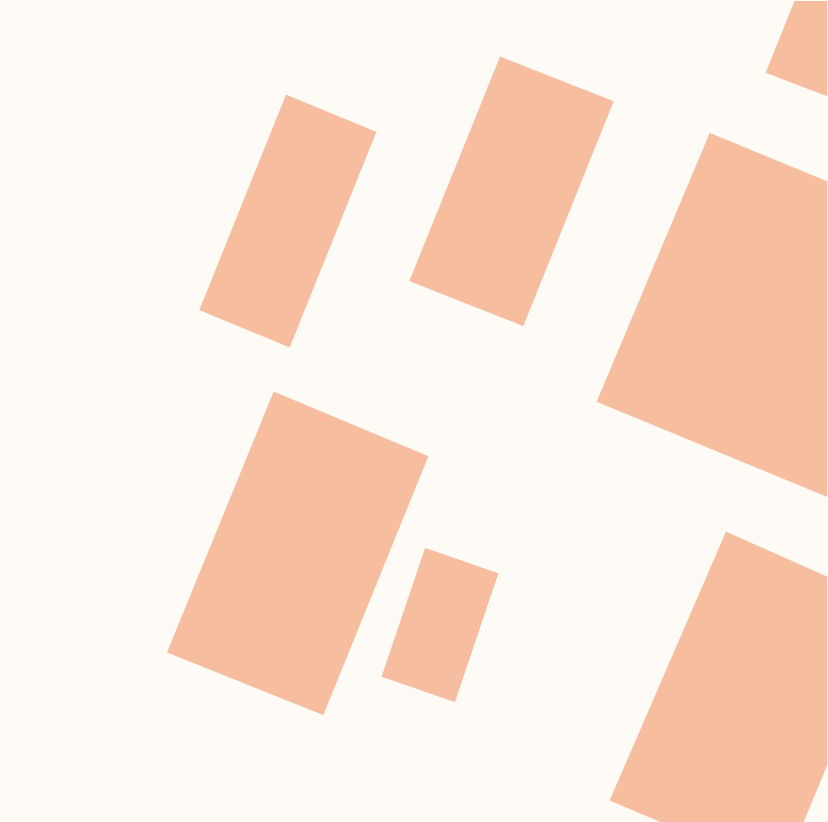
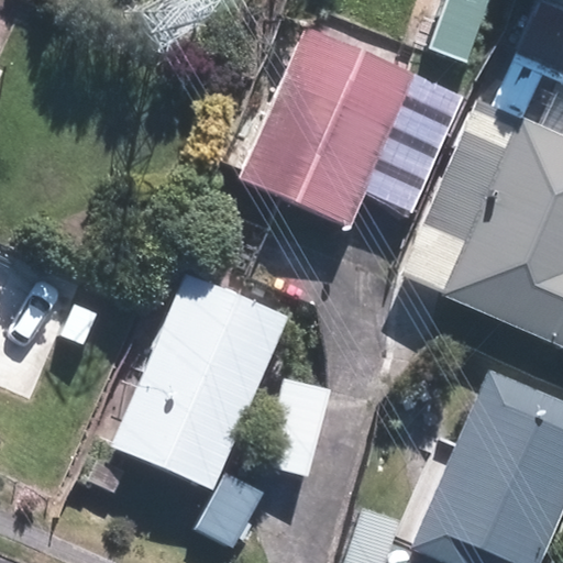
building: [198,94,378,348] -> none

